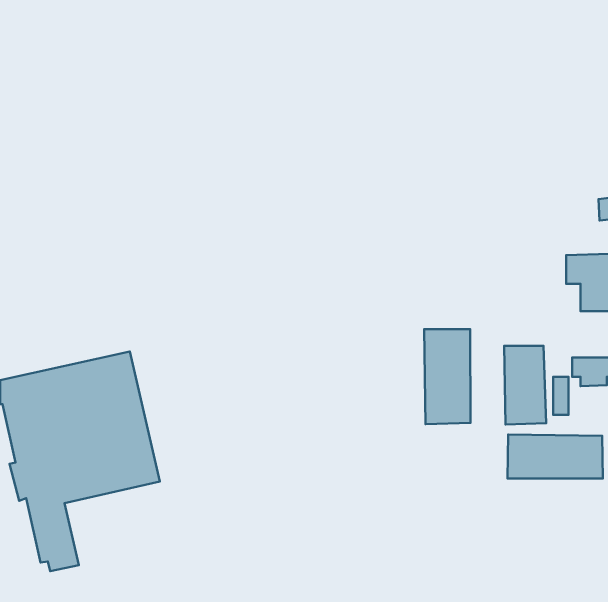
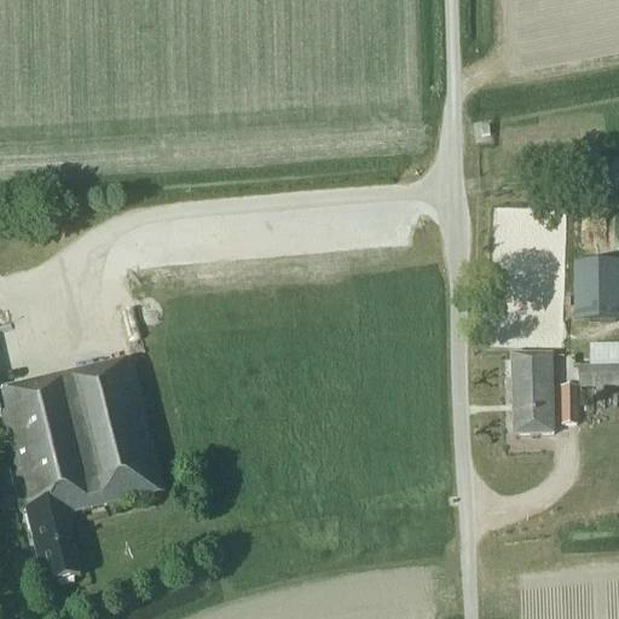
building: [424,329,470,424] -> none
building: [507,435,603,479] -> none

